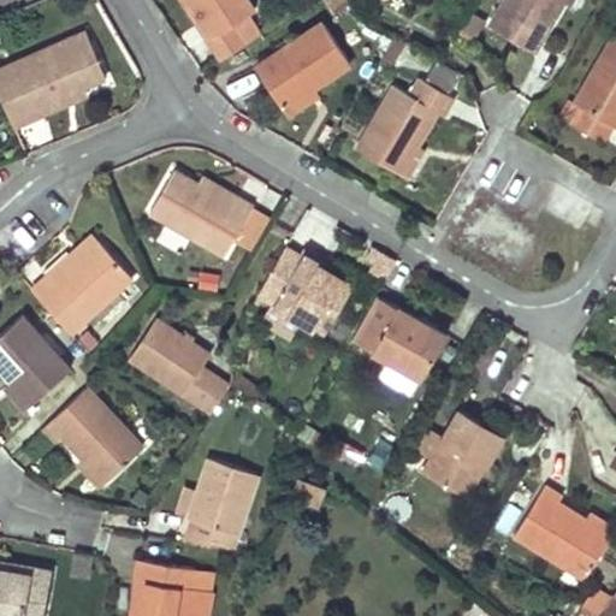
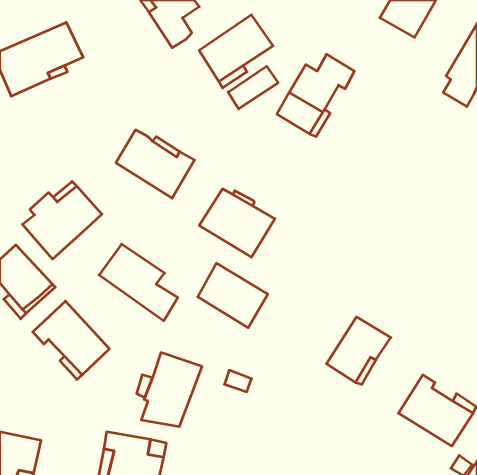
building: none -> [228,66,278,109]
building: [355,297,445,380] -> [198,263,268,328]

